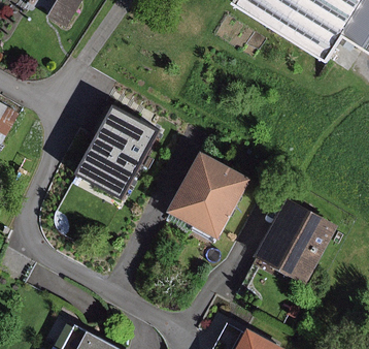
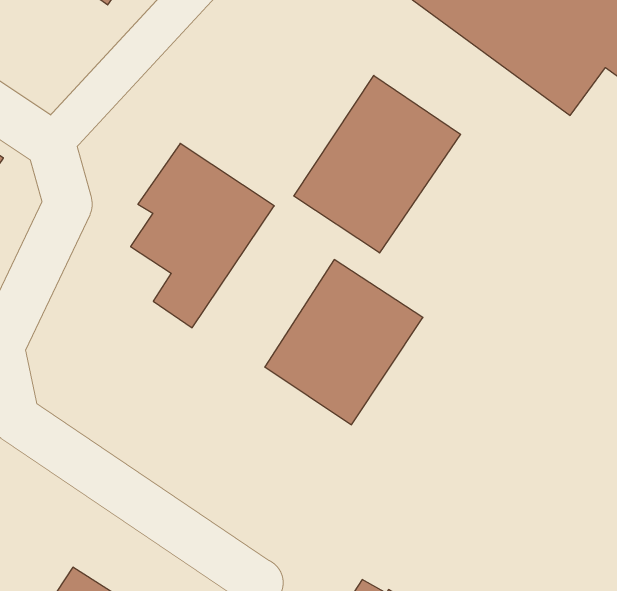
building: none -> [294,75,461,253]
building: [253,198,334,284] -> none

